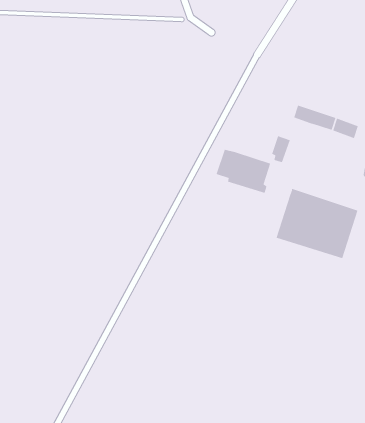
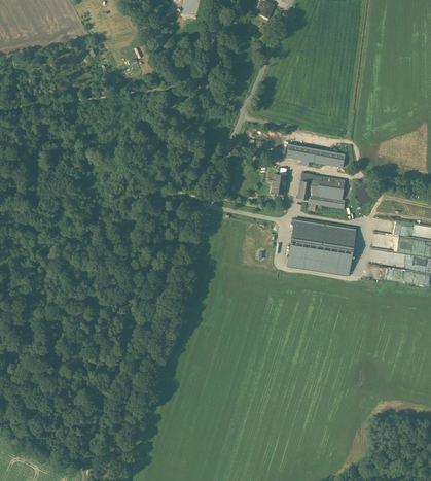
building: [216,149,271,194] -> [297,174,345,208]

